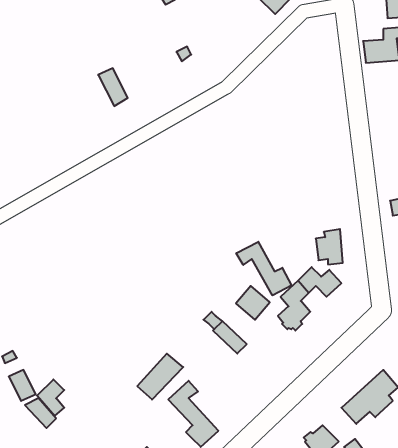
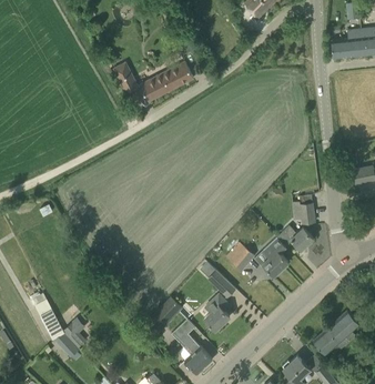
building: none -> [140,63,193,101]
building: [236,242,291,295] -> none
building: none -> [204,293,230,330]

